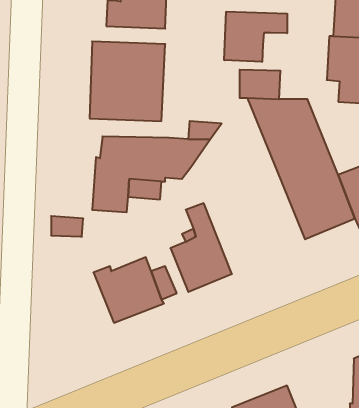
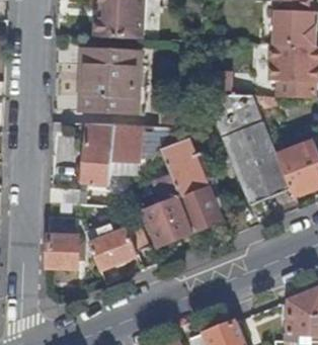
building: [224,12,287,62] -> none
building: none -> [159,139,221,233]
building: none -> [46,218,78,269]

